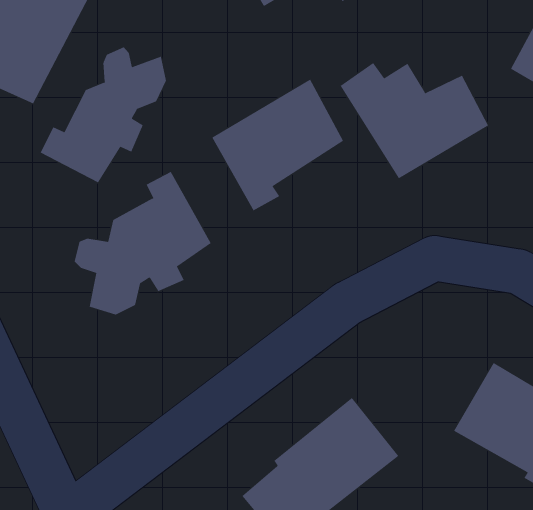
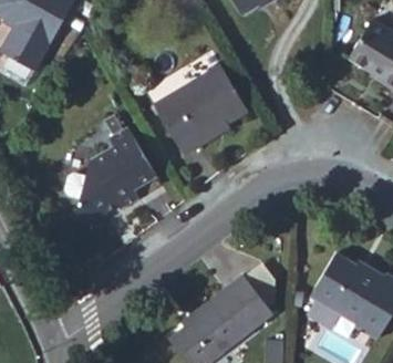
building: [40,47,166,183] -> none
building: [340,62,489,179] -> none

